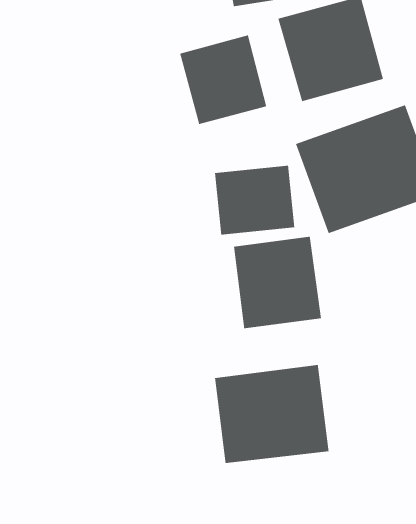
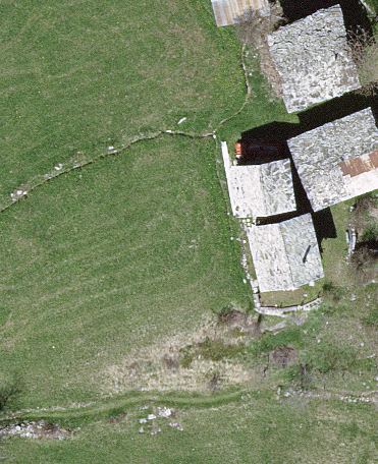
building: [179,34,267,125] -> none
building: [214,364,329,464] -> none

